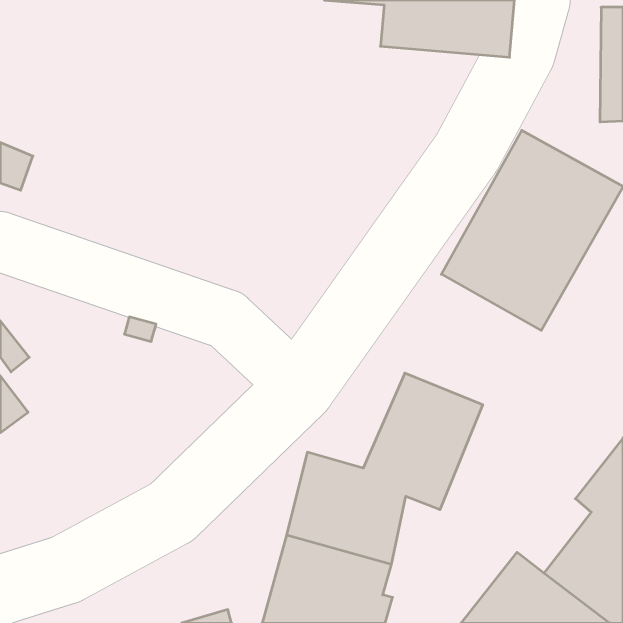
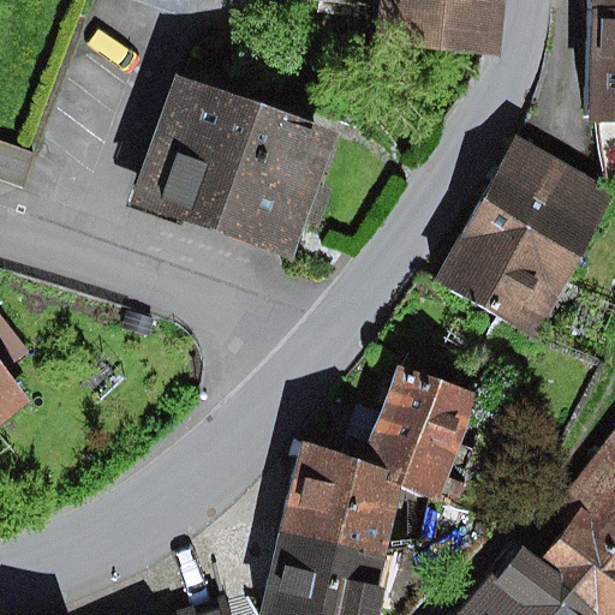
building: none -> [136,83,335,259]

